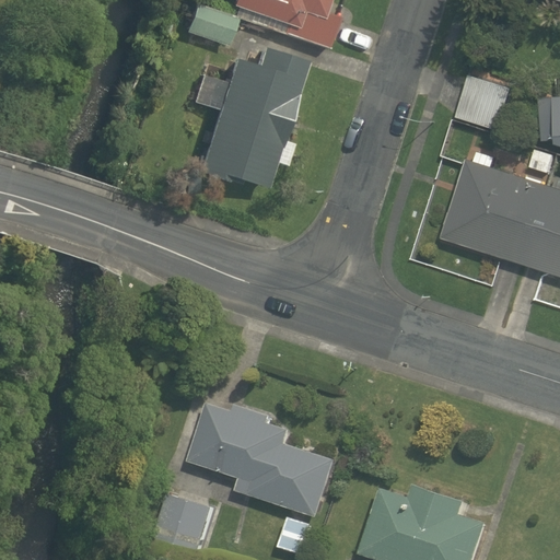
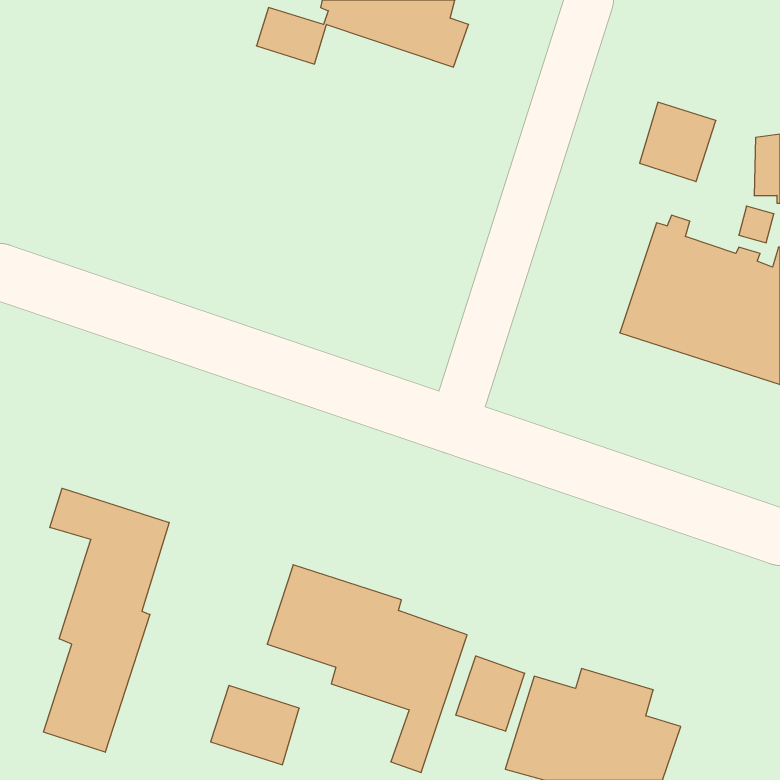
building: [191,49,304,189] -> none
building: none -> [44,488,169,752]
building: none -> [456,656,525,731]

